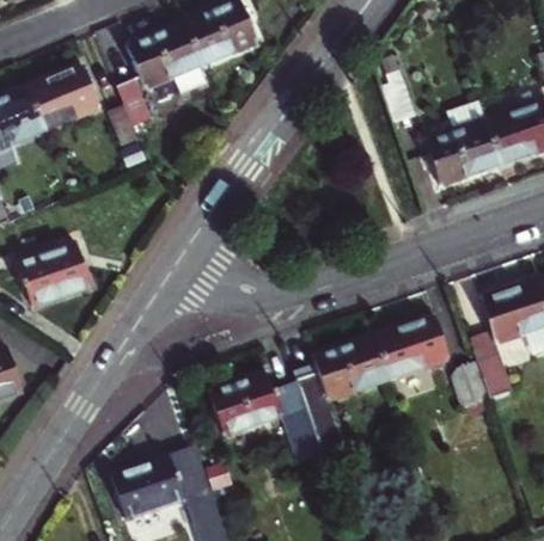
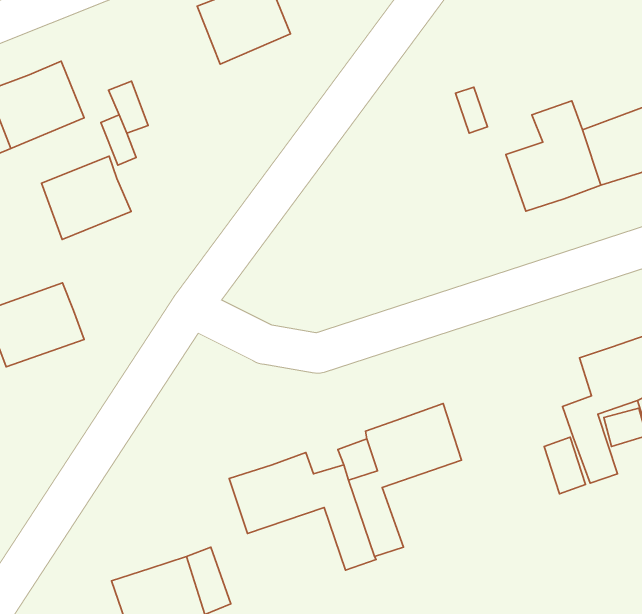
building: [128,23,202,91] -> none
building: none -> [42,156,131,240]
building: [377,313,452,377] -> none

